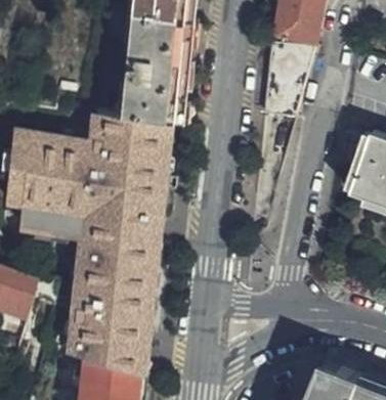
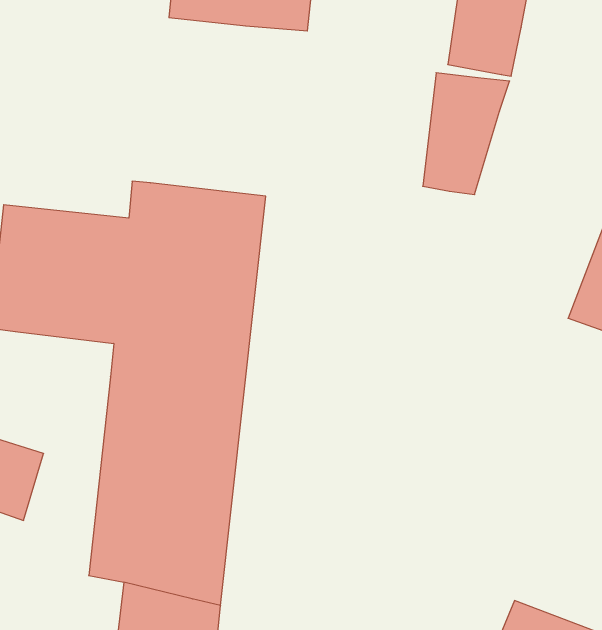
building: [98,13,195,124] -> none
building: [13,206,76,233] -> none

